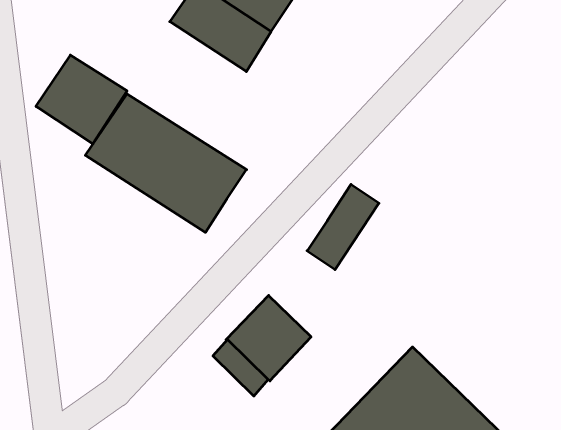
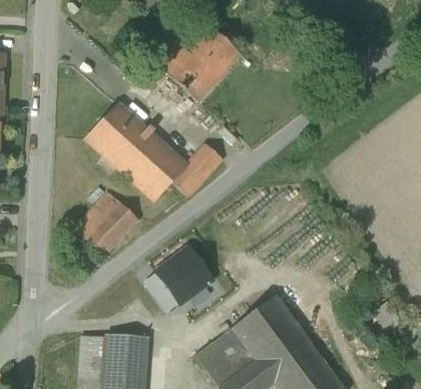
building: [36,55,127,144] -> none
building: [307,184,379,270] -> [171,143,223,197]
building: none -> [74,191,138,255]

